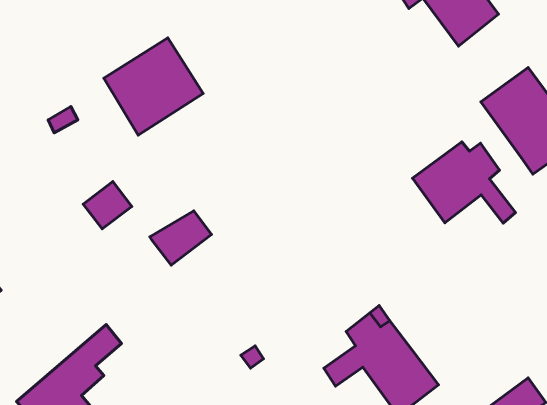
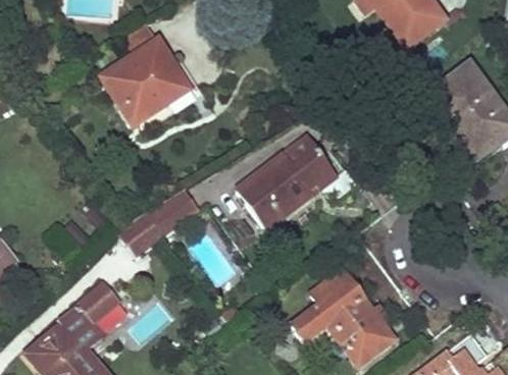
building: [412,142,515,223] -> none
building: none -> [240,140,335,227]
building: [83,182,132,229] -> [121,214,163,255]

